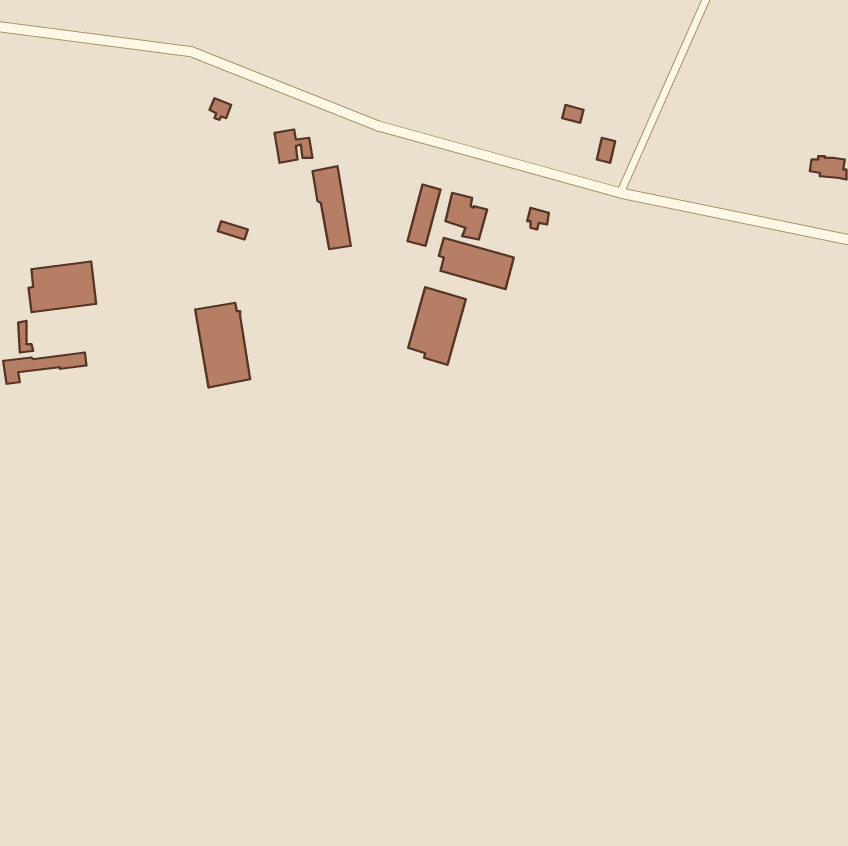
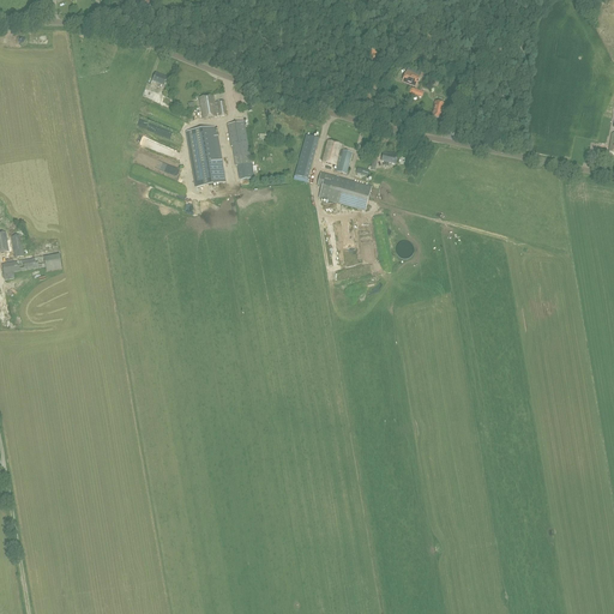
building: [29,262,96,312] -> none
building: [408,287,466,365] -> none
building: [195,303,250,388] -> [185,125,224,186]

